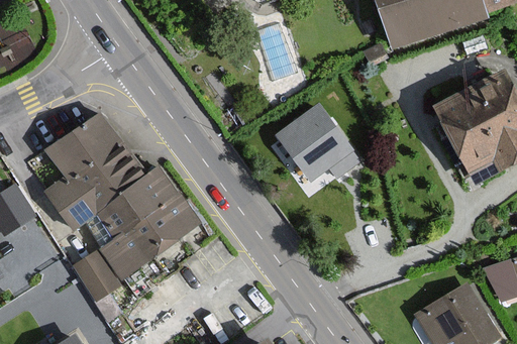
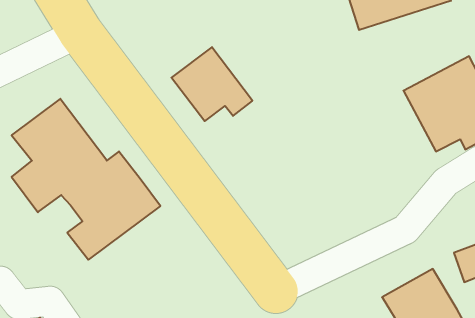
building: [276,106,356,180] -> [171,47,252,121]
building: [74,252,117,299] -> none

